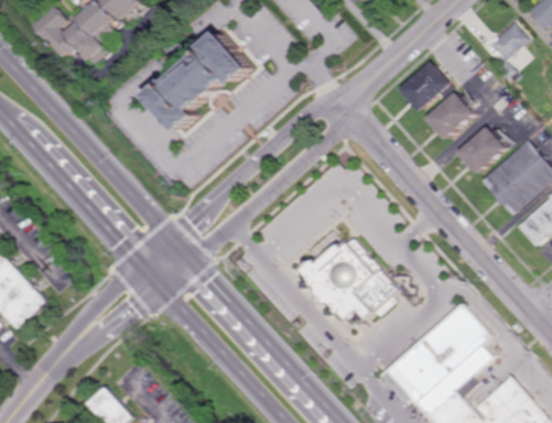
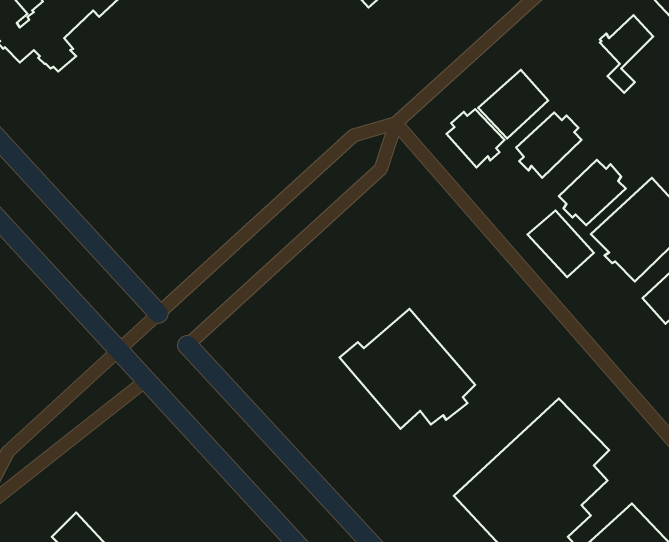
building: [148,33,247,130] -> none
building: none -> [447,109,504,167]
building: none -> [528,210,594,277]

